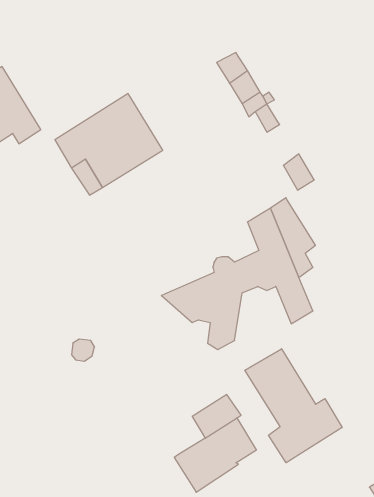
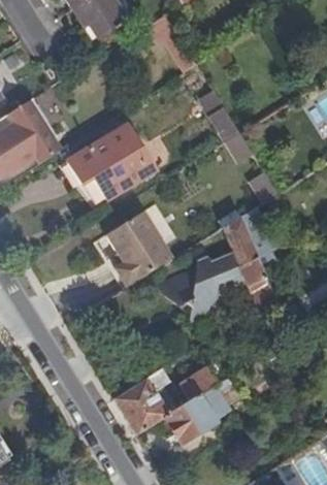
building: none -> [106,212,172,286]
building: [245,349,342,463] -> none
building: none -> [113,369,168,433]

